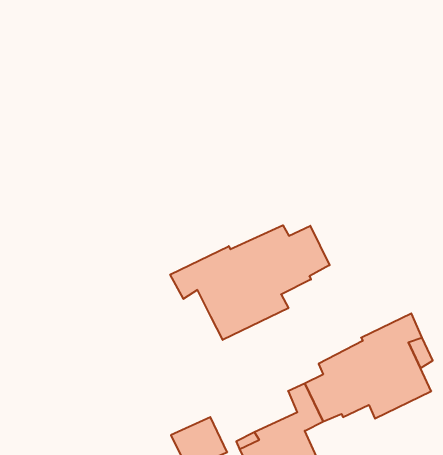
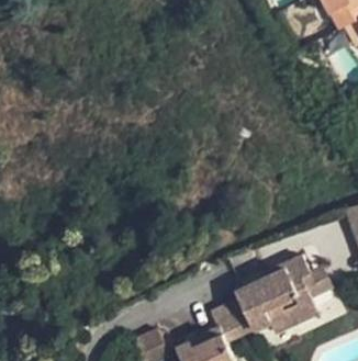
building: [170,225,330,340] -> none

